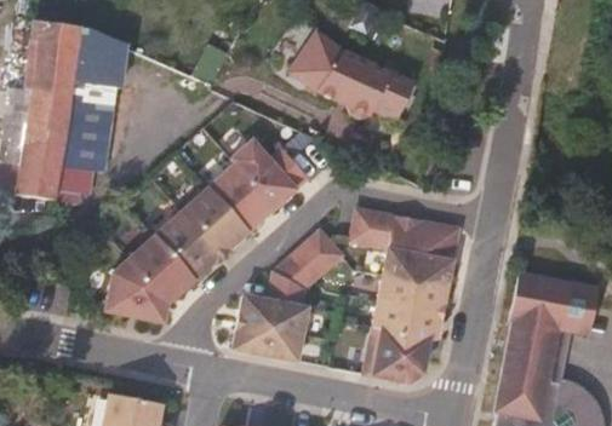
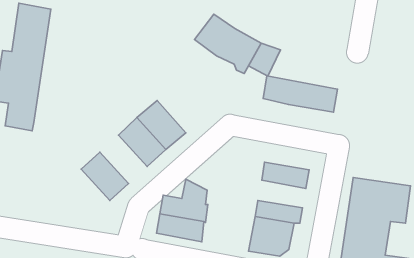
building: [58,29,132,197] -> none
building: [230,138,310,206] -> none
building: [353,207,459,259] -> [263,76,338,112]
building: [153,209,221,278] -> none
building: [276,229,347,288] -> none
building: [105,258,167,320] -> none
building: [379,274,448,313] -> none

